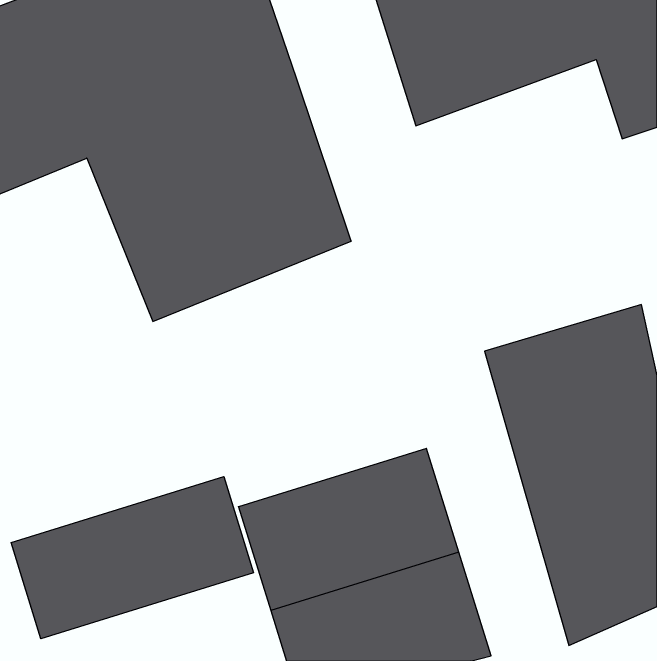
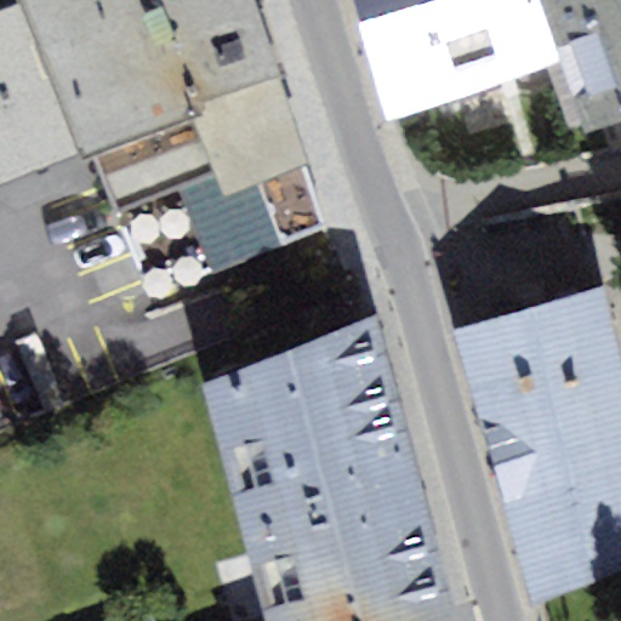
building: none -> [193,323,399,474]
building: [11,477,253,639] -> none

